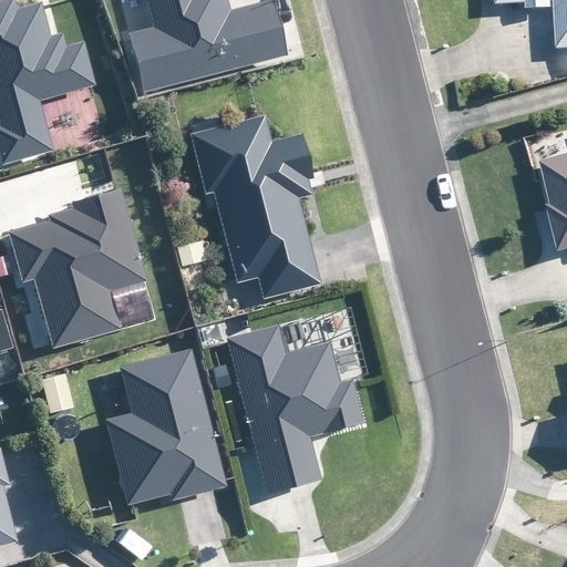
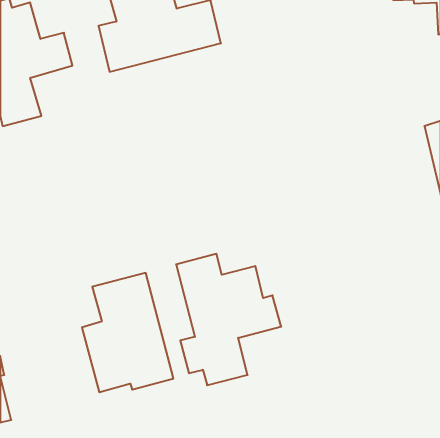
building: [197,116,316,293] -> none
building: [9,190,141,347] -> none

